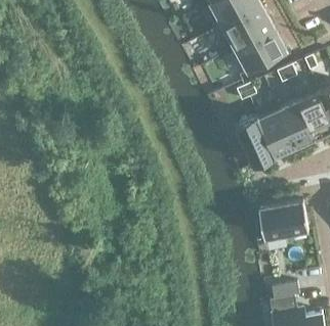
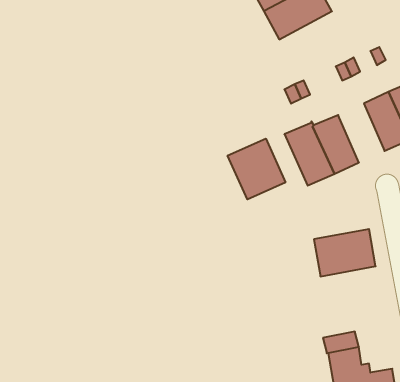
building: [232,28,286,74] -> none
building: [279,101,316,148] -> none
building: none -> [228,139,285,199]

